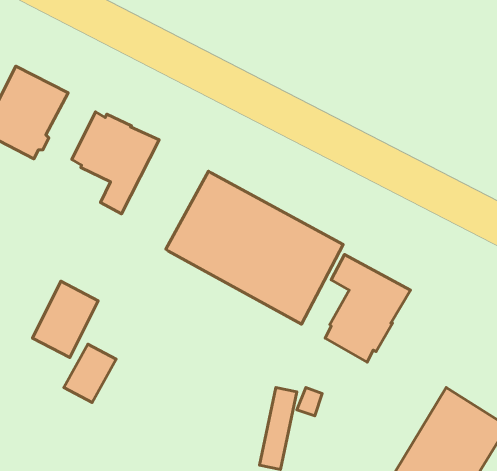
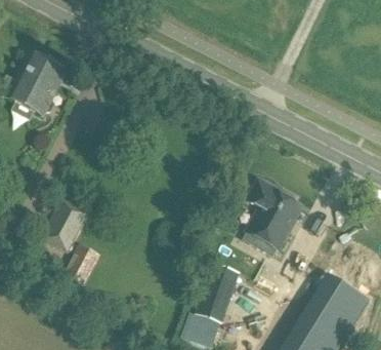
building: [72,112,159,214] -> none
building: [166,171,343,324] -> none

